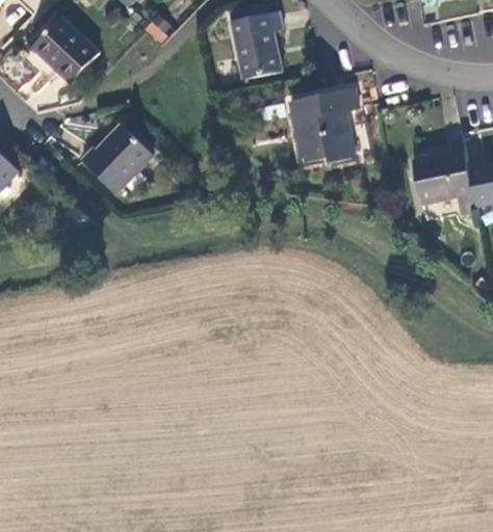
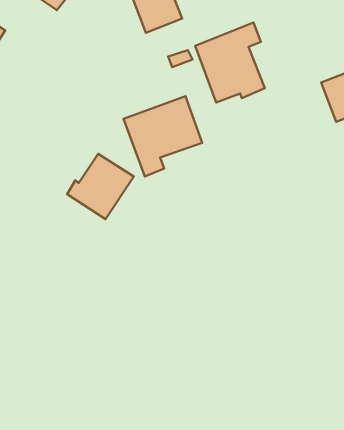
building: [83,125,154,192] -> [67,154,134,219]
building: none -> [124,96,202,176]

